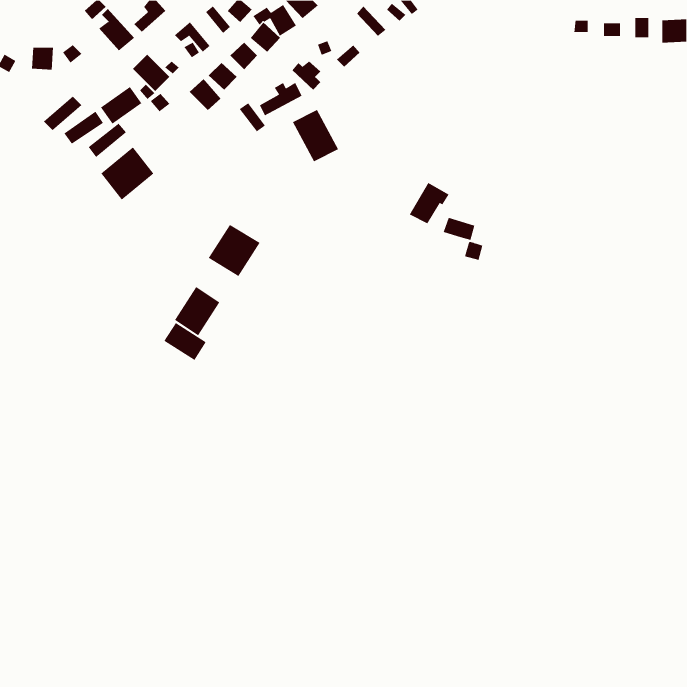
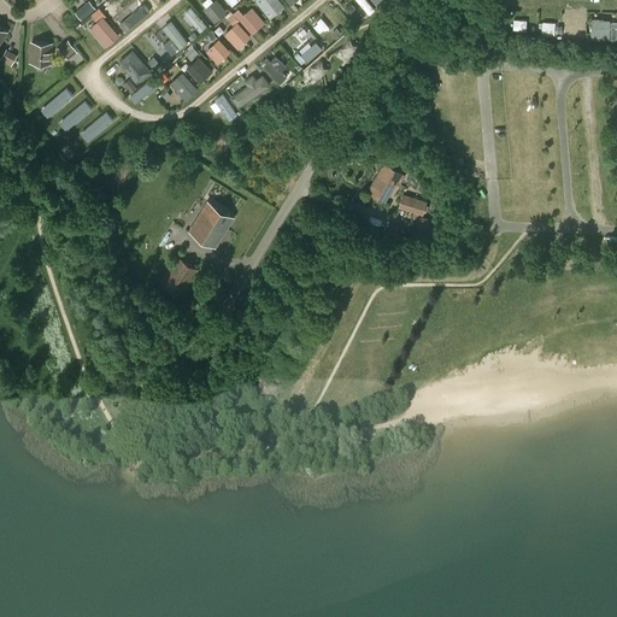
building: [100,86,142,124] -> none
building: [292,109,339,162] -> none
building: [101,147,154,200] -> none
building: [164,322,207,361] -> none

